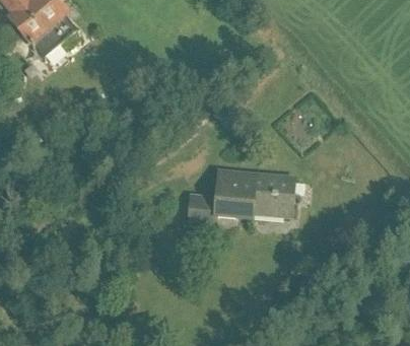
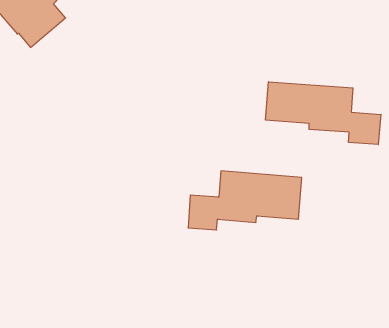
building: none -> [266,82,381,145]

